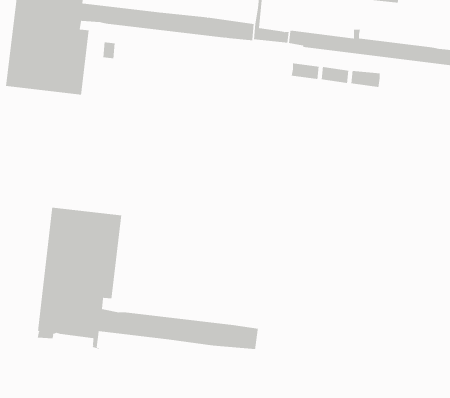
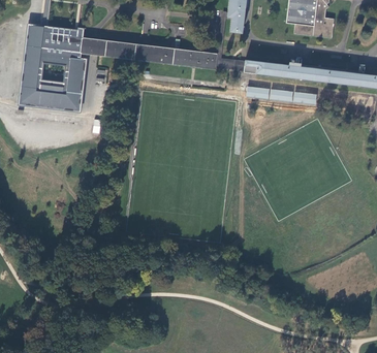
building: [37,207,259,350] -> none

